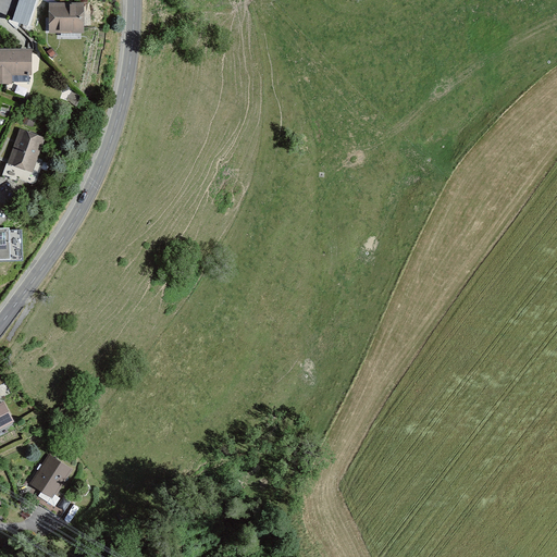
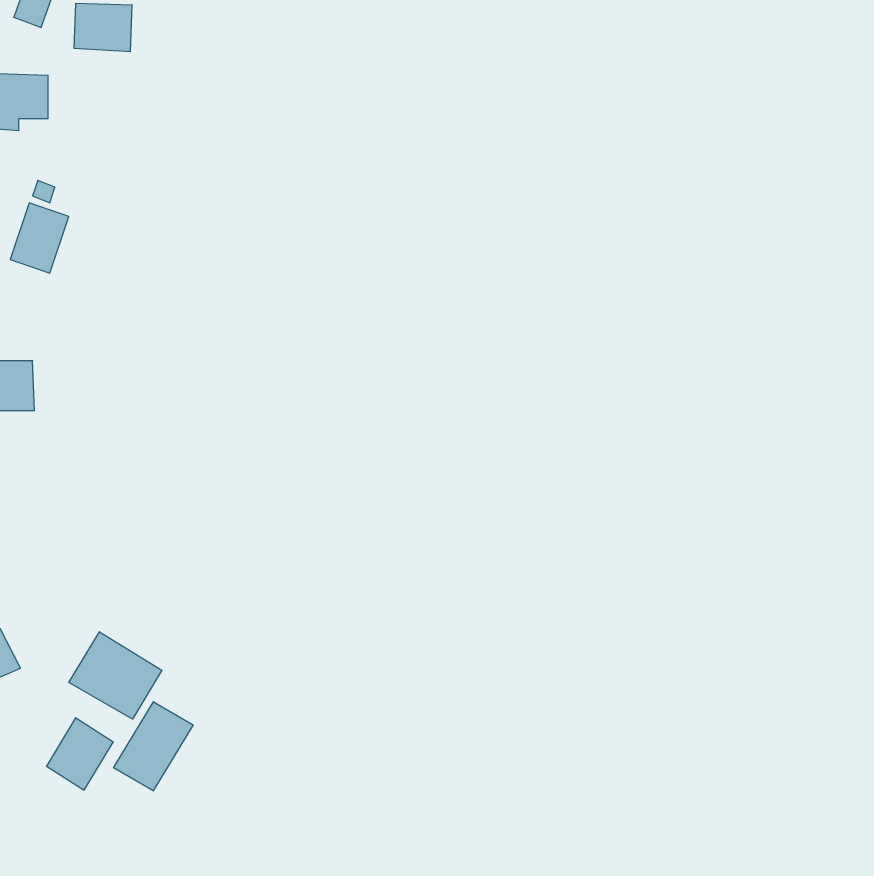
building: none -> [69,632,162,719]
building: none -> [114,702,193,791]

